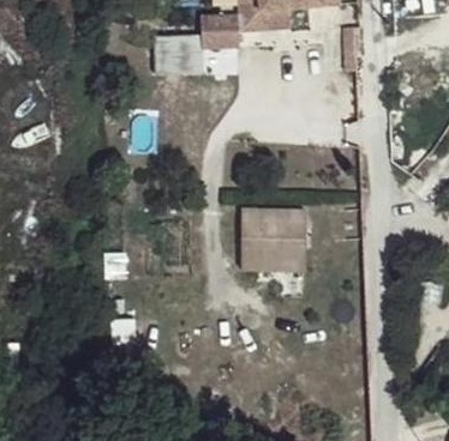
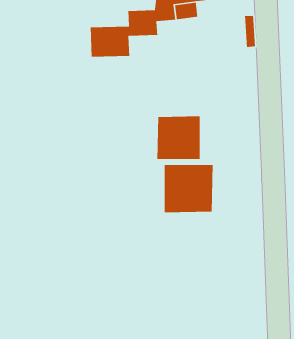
building: none -> [157,116,200,160]

